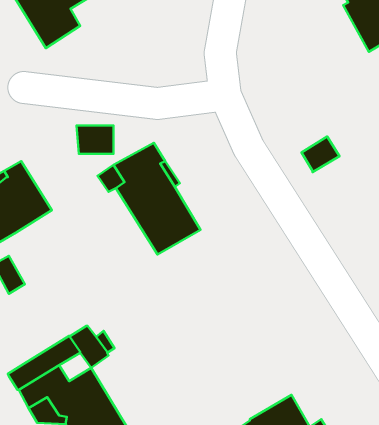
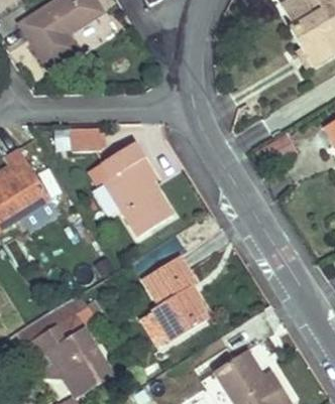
building: none -> [142,256,208,345]

